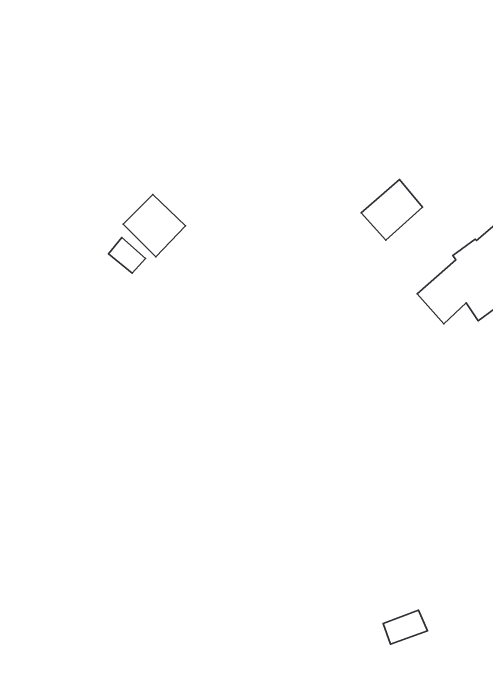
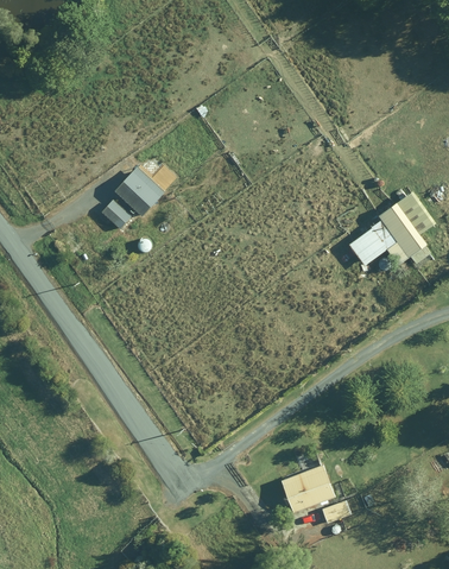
building: [361,180,423,240] -> none
building: none -> [278,462,336,516]

